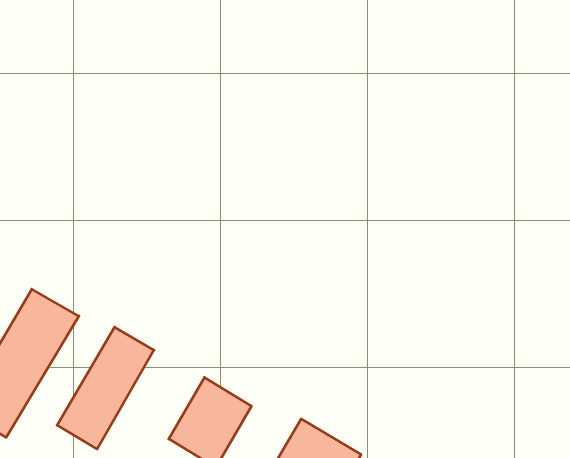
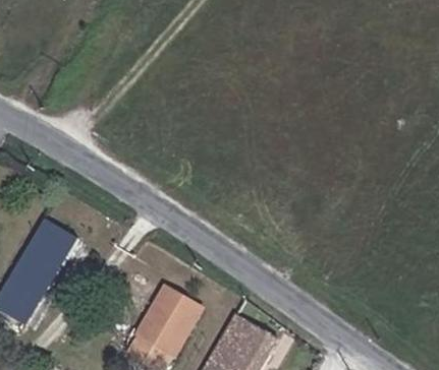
building: [57,327,154,449] -> none

